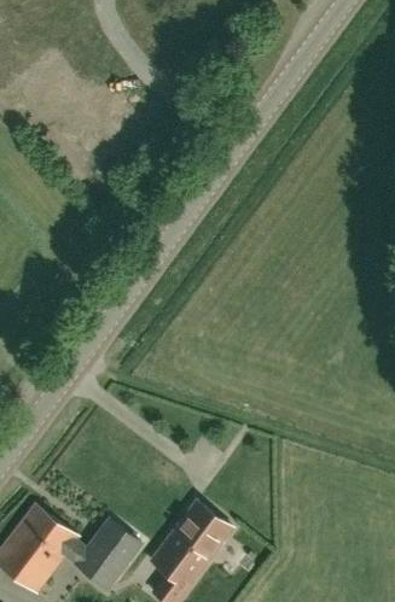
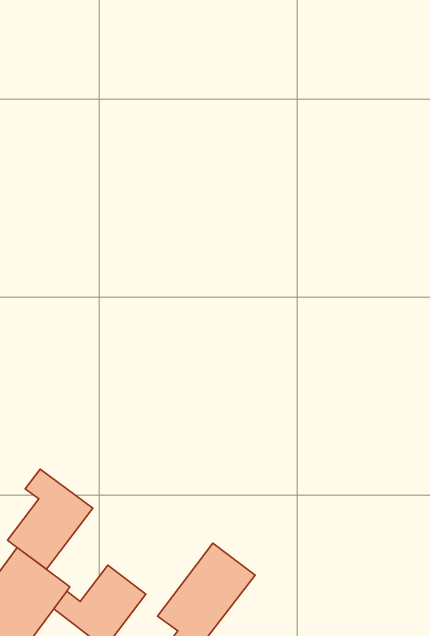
building: none -> [8,469,93,569]

